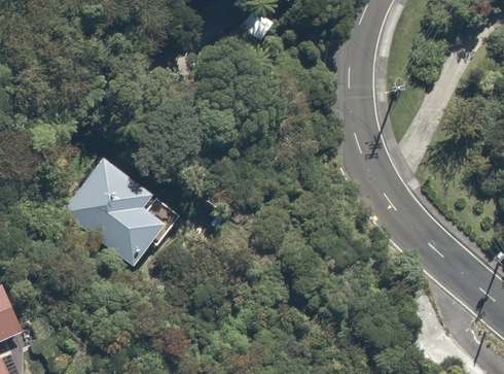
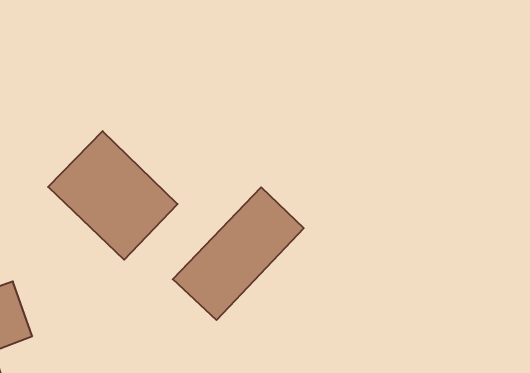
building: none -> [173,187,304,320]

